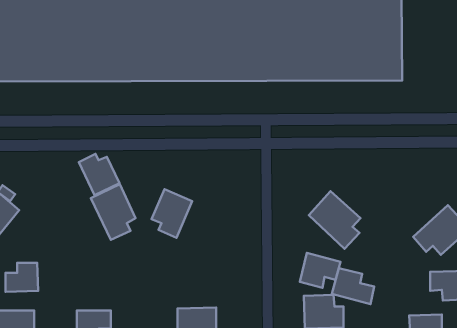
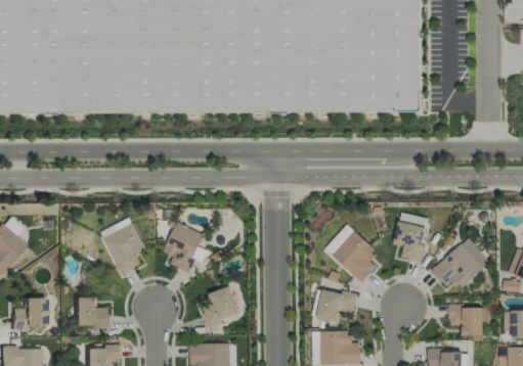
building: [79,154,120,195] -> none
building: none -> [394,213,430,262]
building: none -> [202,286,239,325]
building: none -> [75,296,110,329]
building: [332,268,374,304] -> none

